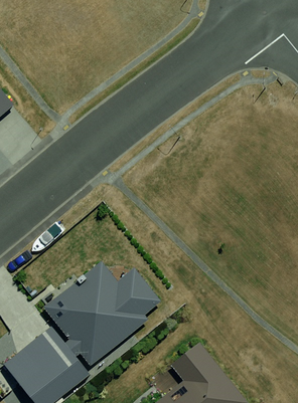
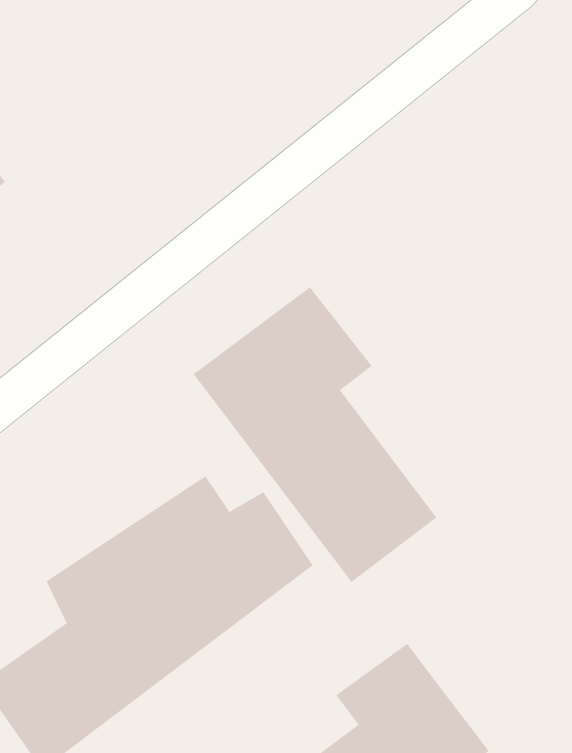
building: none -> [193,286,437,583]

